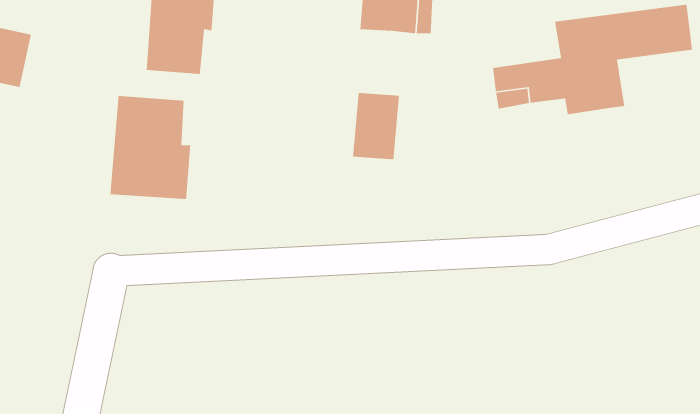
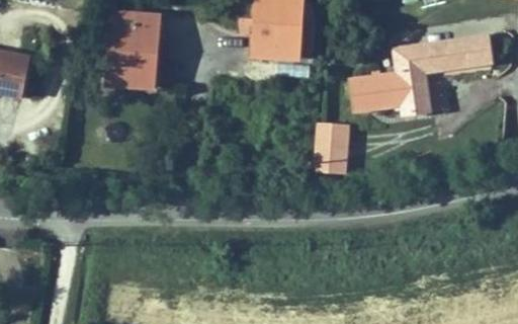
building: [352,92,400,160] -> [315,123,348,170]
building: [110,95,191,200] -> none

